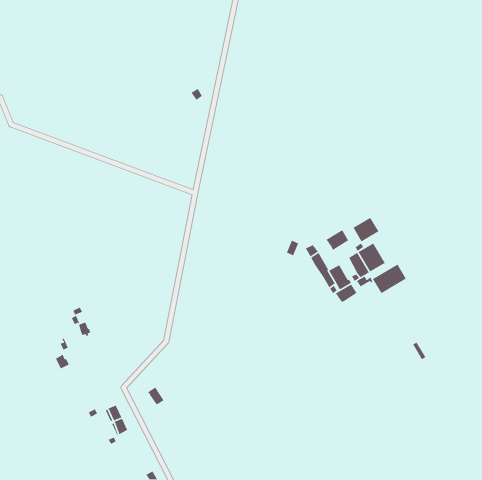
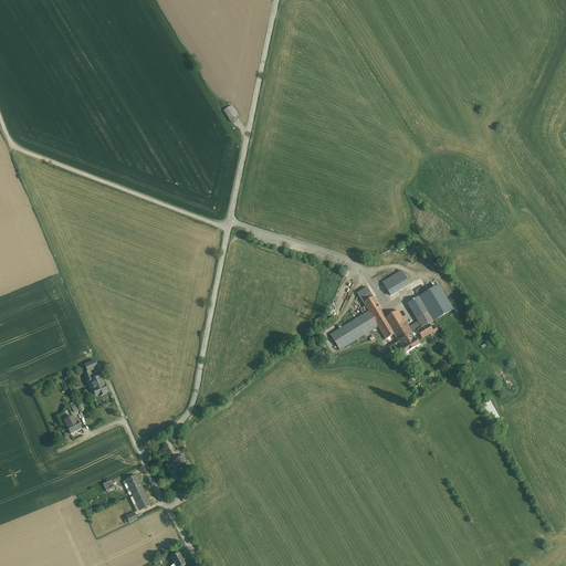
building: [352,217,379,242] -> none
building: [372,264,407,294] -> none
building: none -> [331,311,378,348]

